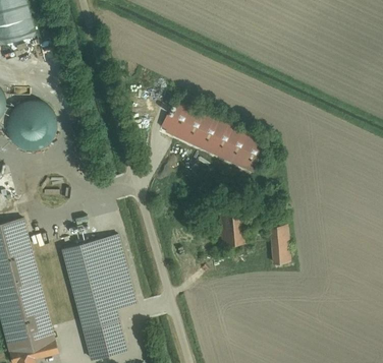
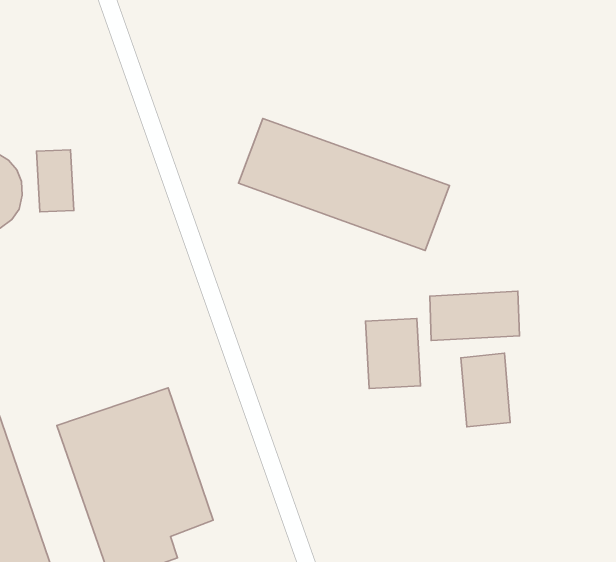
building: none -> [36,150,74,212]
building: none -> [430,291,519,341]

